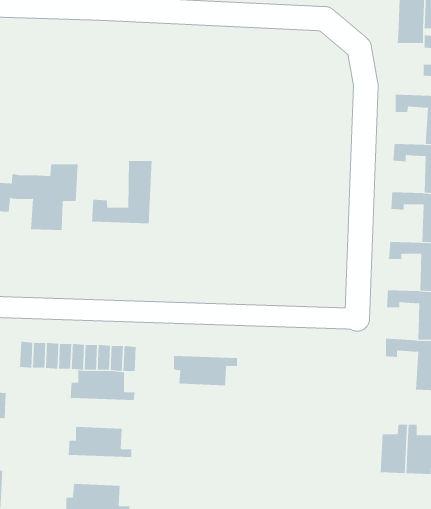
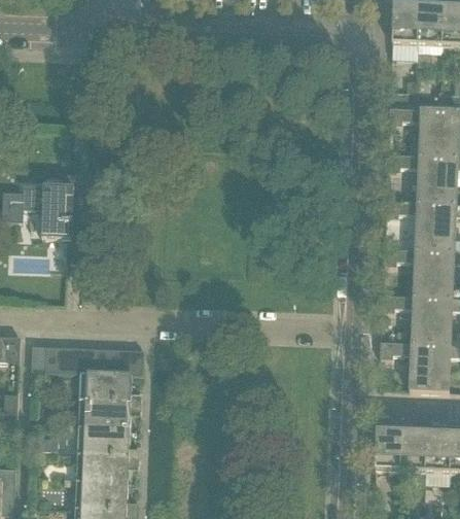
building: [91,160,152,224] -> none
building: [172,356,238,386] -> [78,400,141,428]
building: none -> [76,454,139,483]

